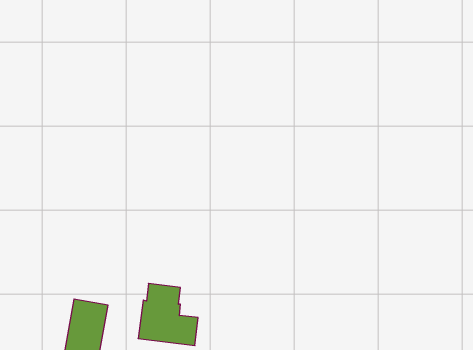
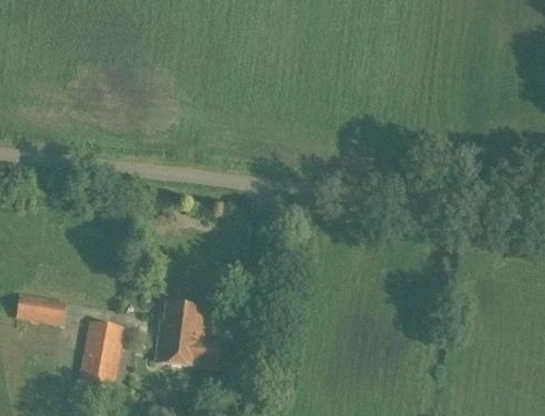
building: none -> [15,292,66,324]

